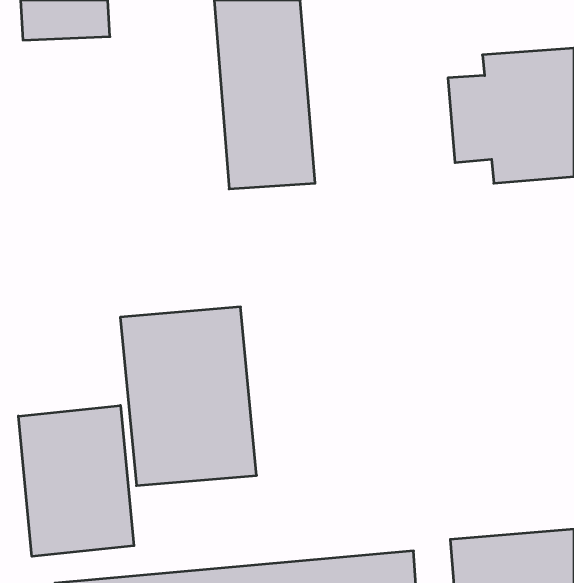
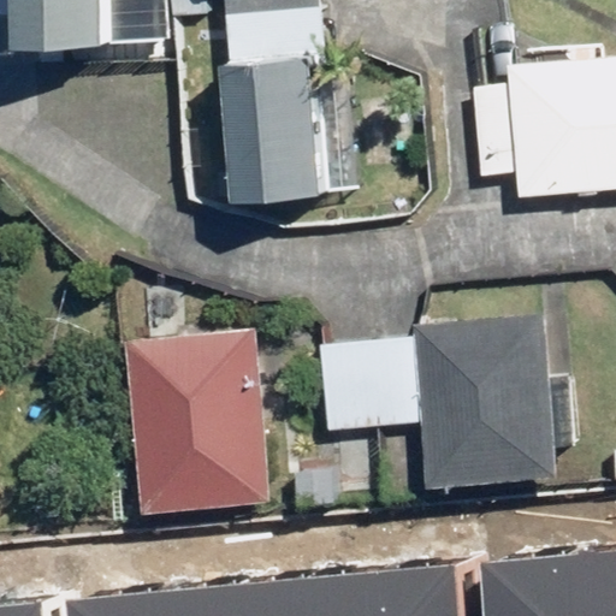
building: none -> [318,314,557,488]
building: [18,405,134,556] -> none

